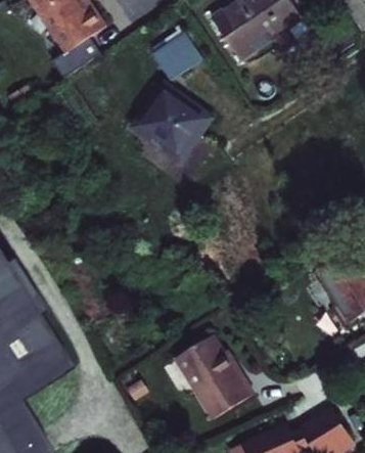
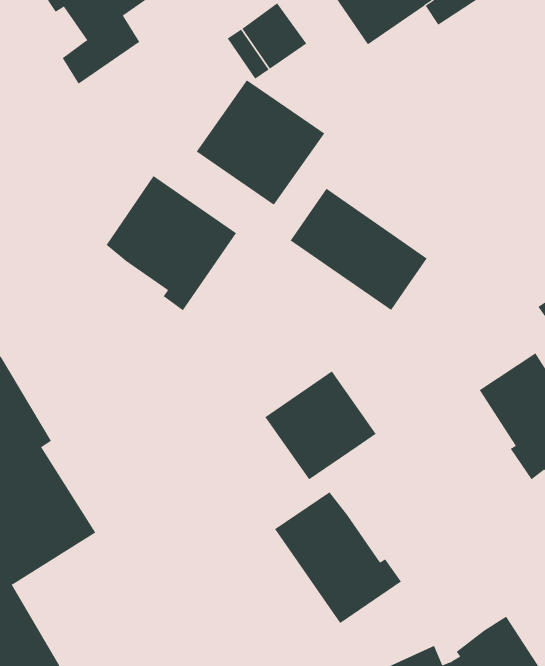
building: none -> [106,175,237,311]
building: none -> [290,188,427,311]
building: none -> [265,371,376,480]

